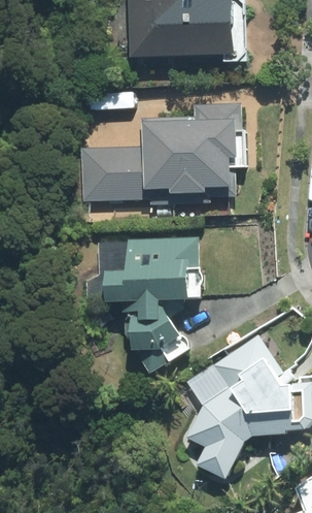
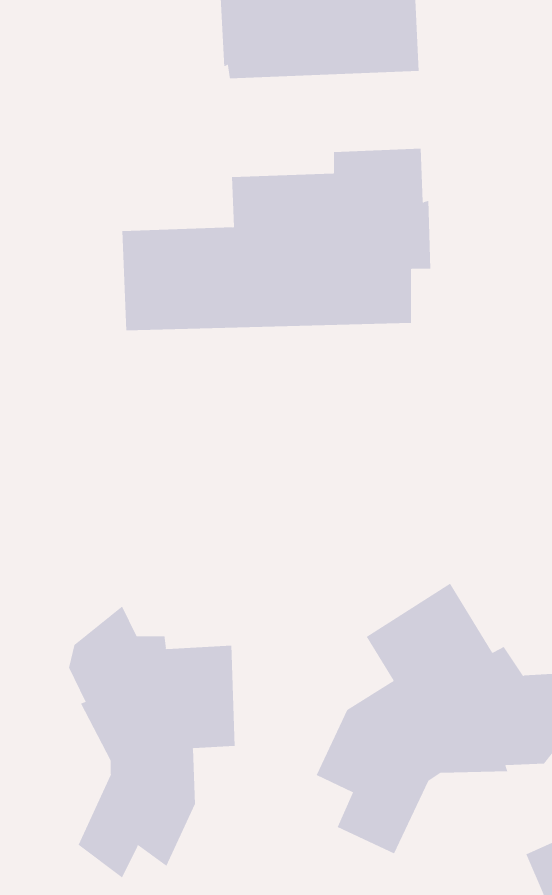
building: [108,236,199,373] -> none
building: none -> [69,605,235,879]

